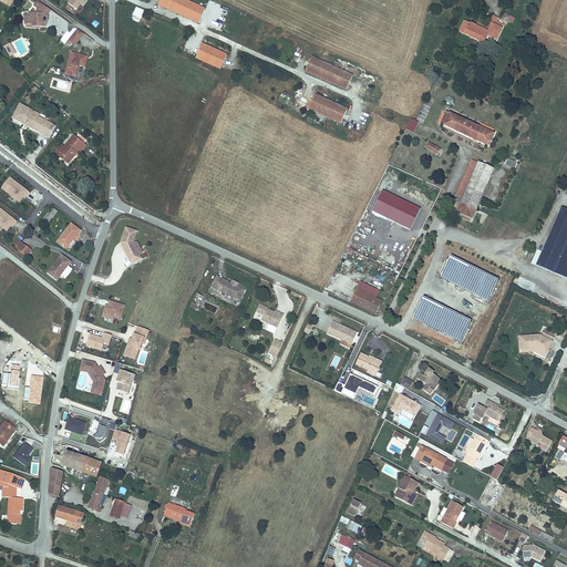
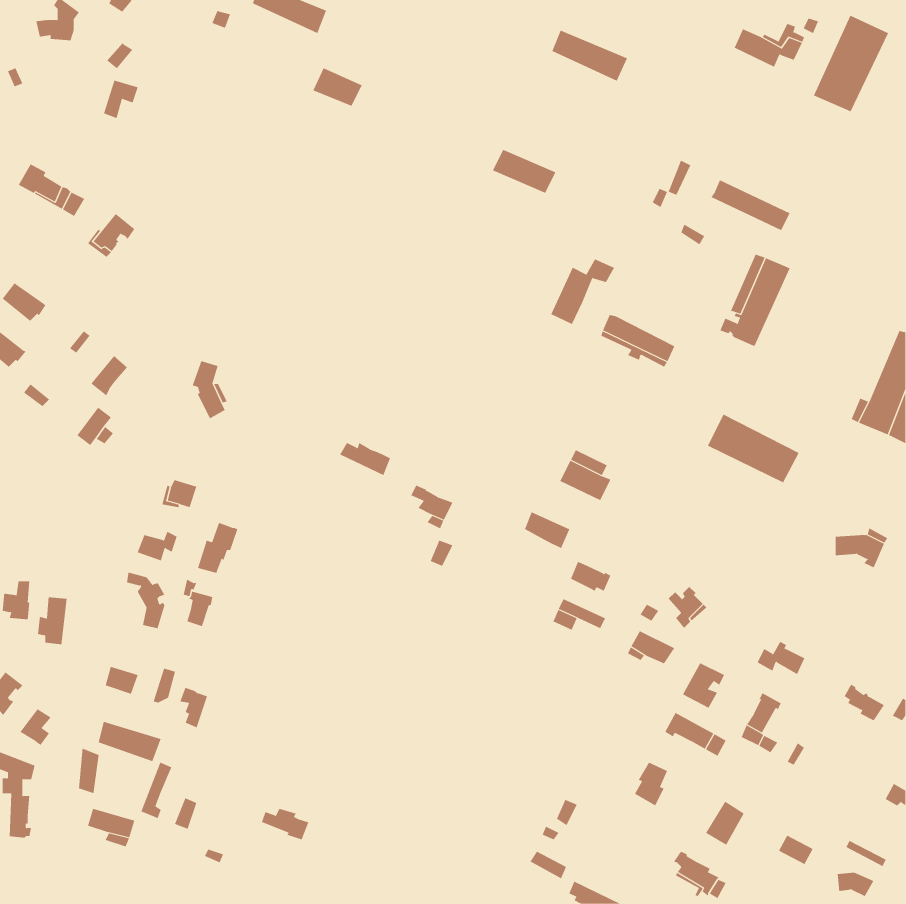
building: none -> [813,15,889,112]
building: [305,55,352,87] -> [551,30,628,81]
building: none -> [551,259,615,325]
building: [413,298,472,342] -> none

